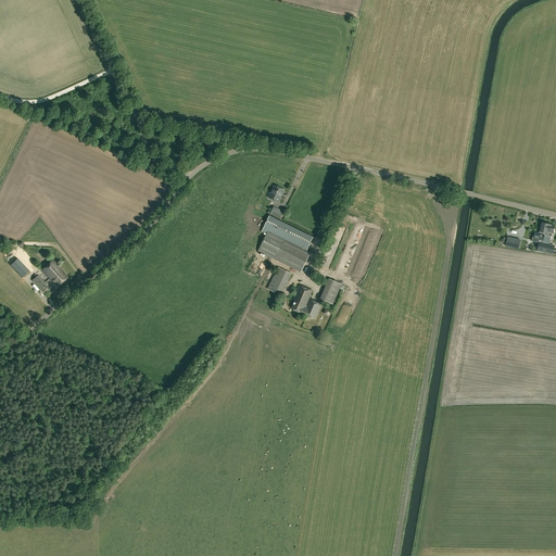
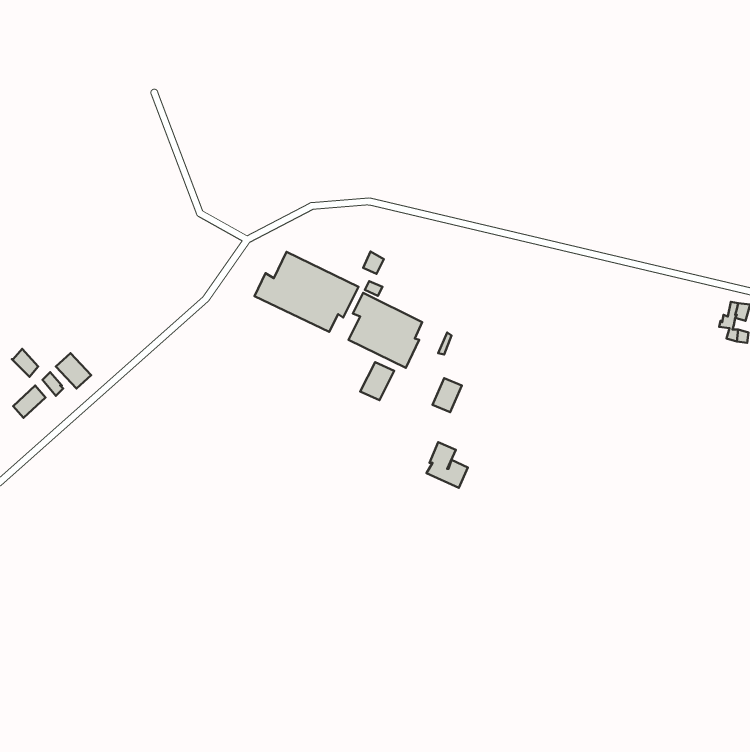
building: none -> [255,252,358,332]
building: [290,286,320,319] -> [427,442,468,488]

